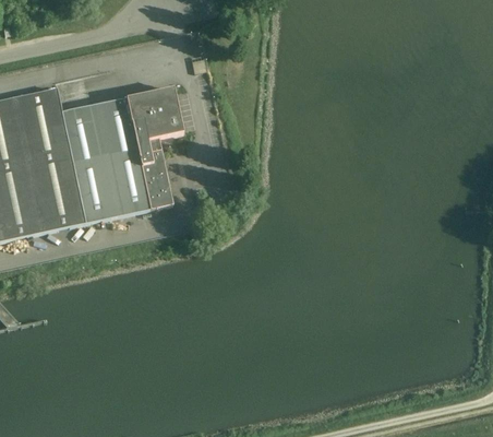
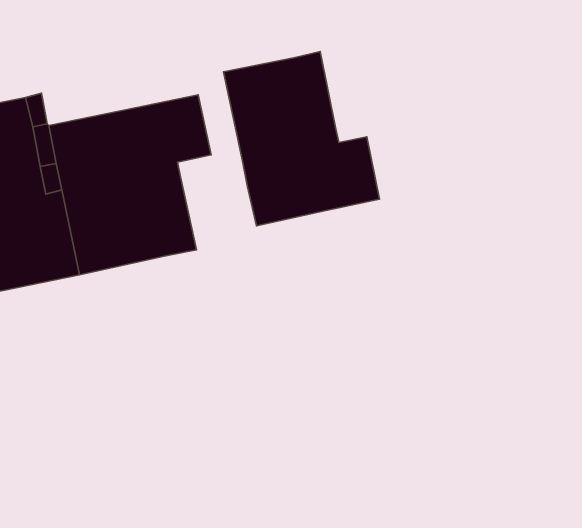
building: none -> [223,52,379,226]

